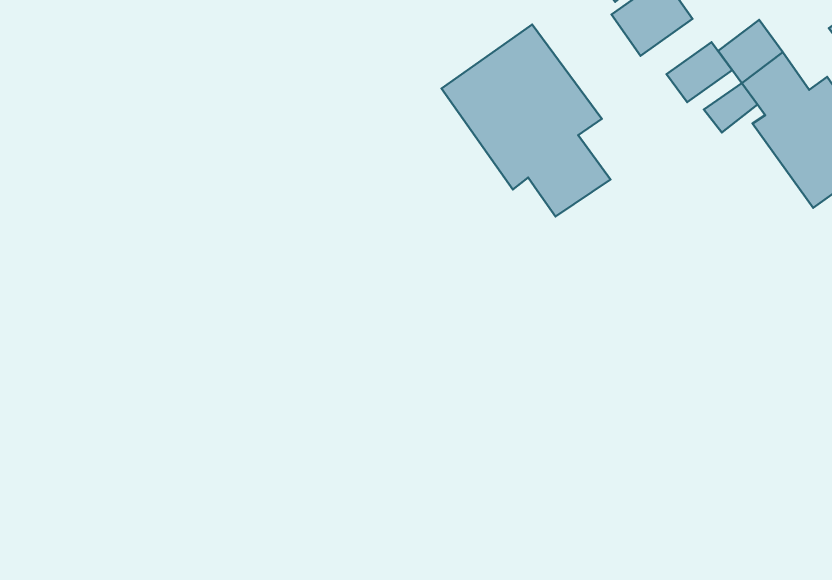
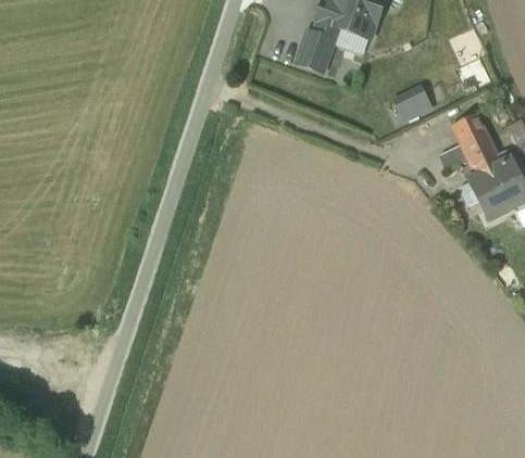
building: [442,24,610,217] -> none
building: [666,42,732,102] -> none

